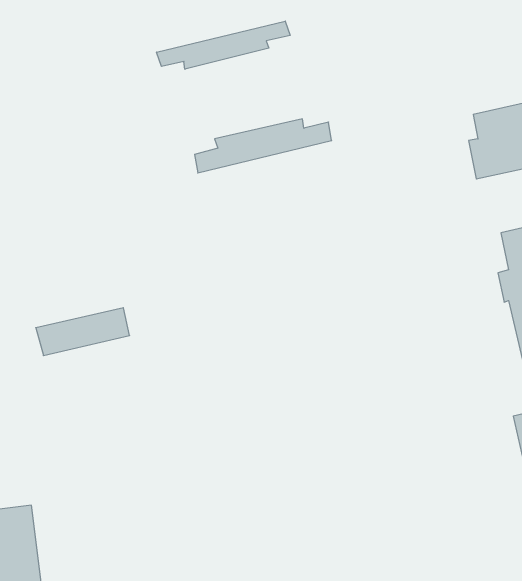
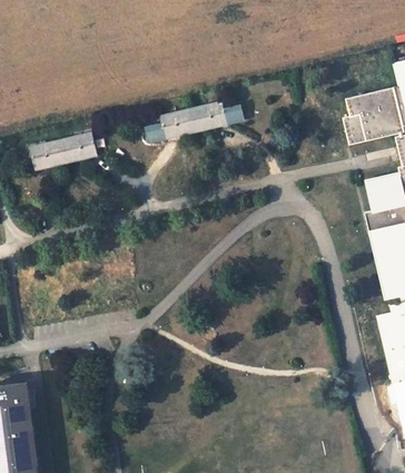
building: [157,21,290,69] -> none
building: [36,308,130,356] -> [29,132,97,167]

